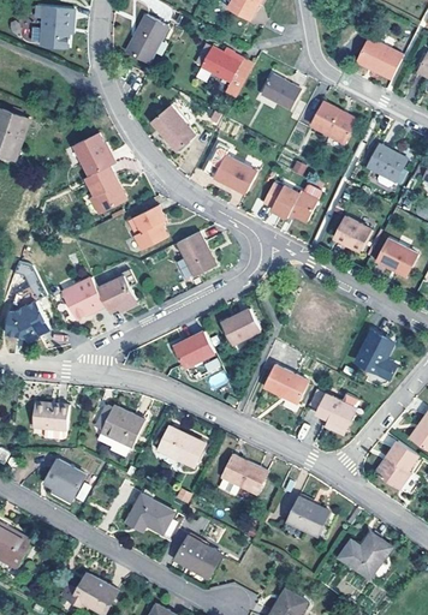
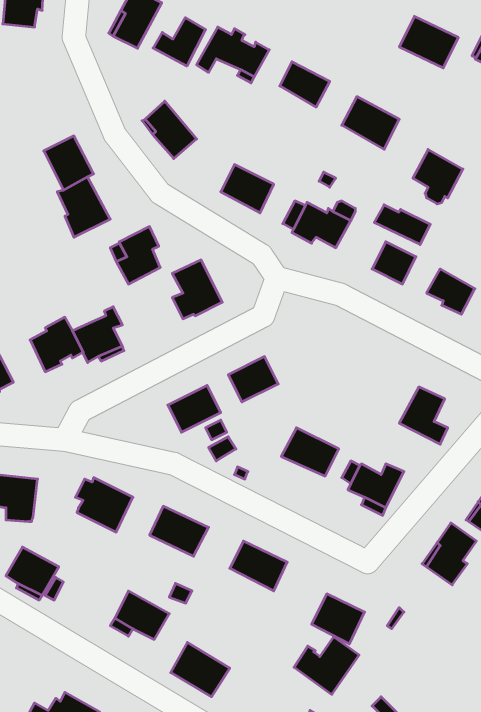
building: none -> [153,18,206,66]
building: none -> [374,205,430,245]
building: [339,533,391,579] -> [294,637,359,694]

